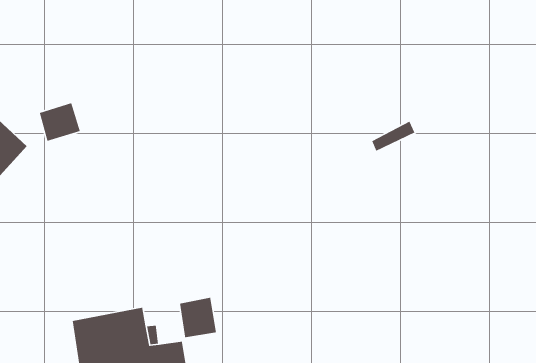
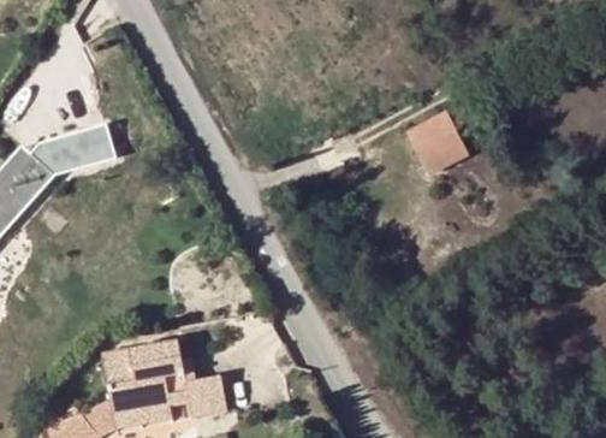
building: none -> [405,116,462,166]
building: [179,297,217,338] -> none

